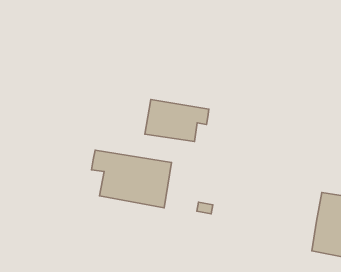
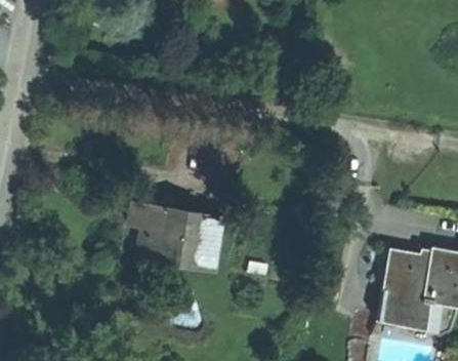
building: [145,100,209,142] -> none

